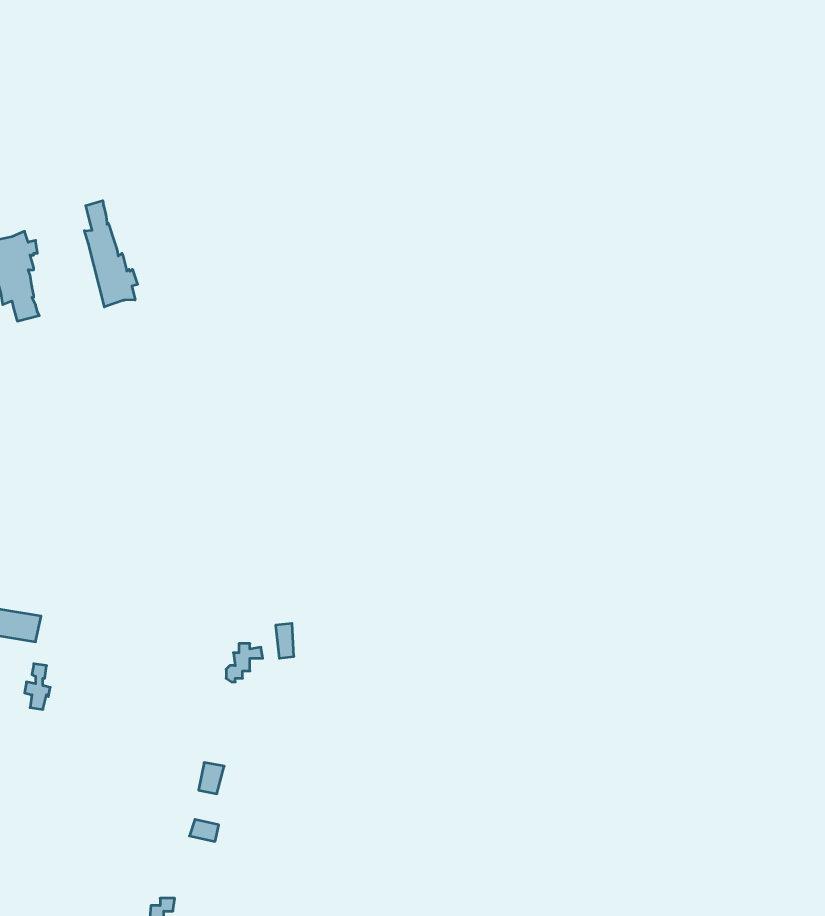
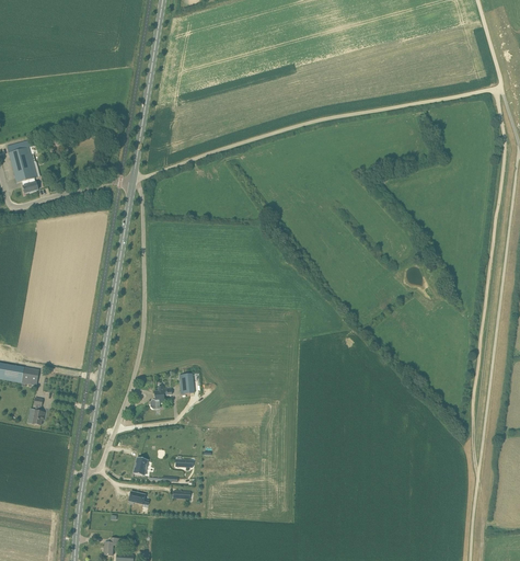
building: [84,201,138,307] -> none

